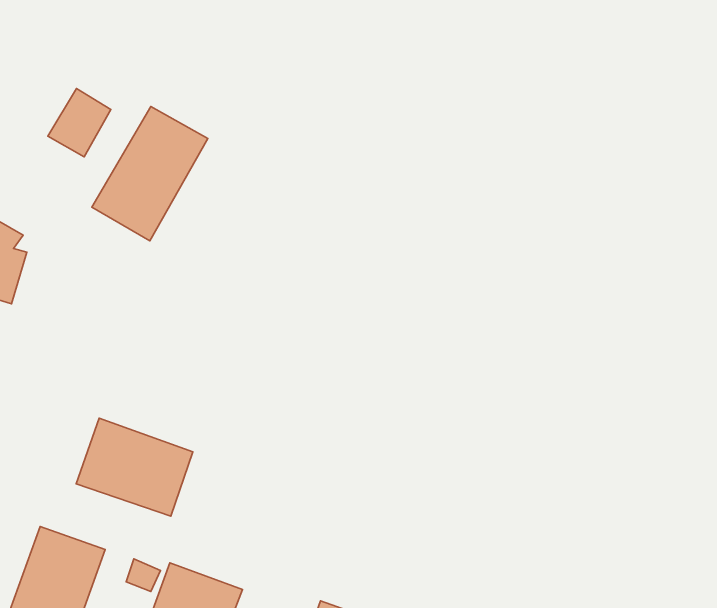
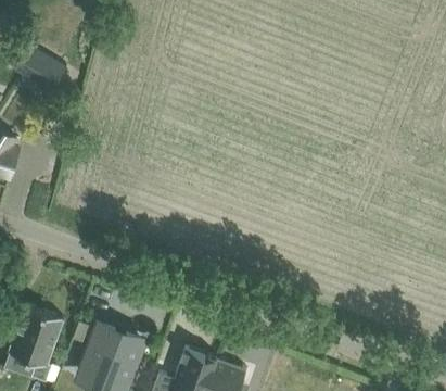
building: [92,107,208,241] -> none
building: [76,418,193,516] -> none

